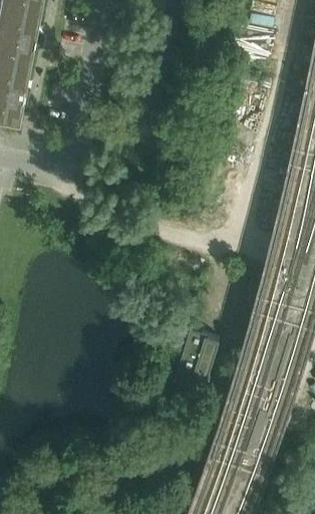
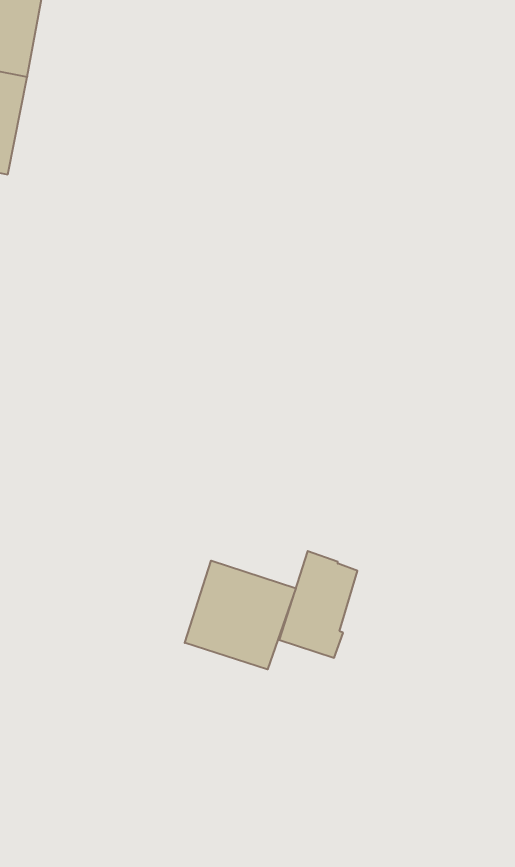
building: none -> [185,561,296,669]

